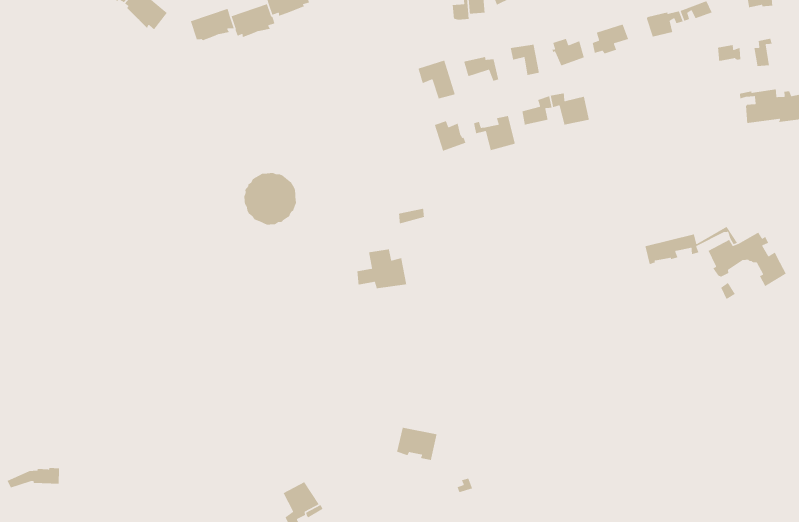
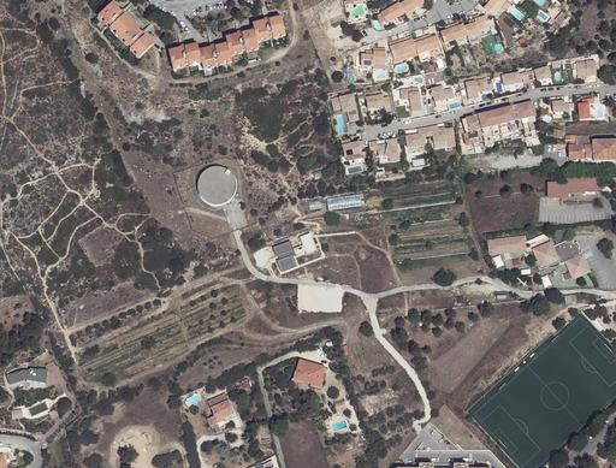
building: none -> [462,100,537,147]
building: none -> [549,176,596,196]

